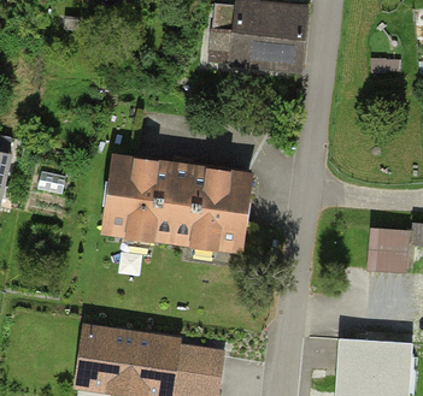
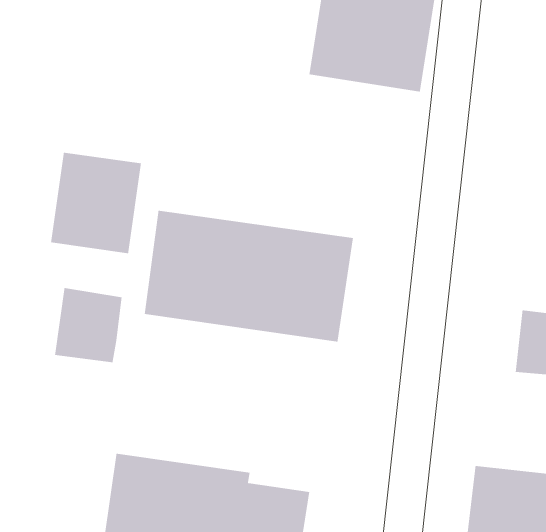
building: none -> [50,152,142,254]
building: none -> [54,287,123,363]

